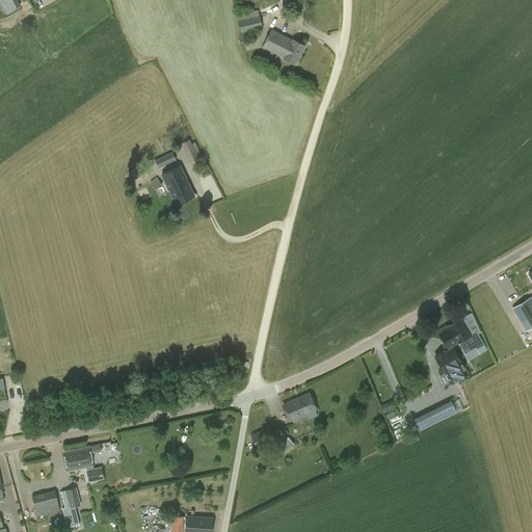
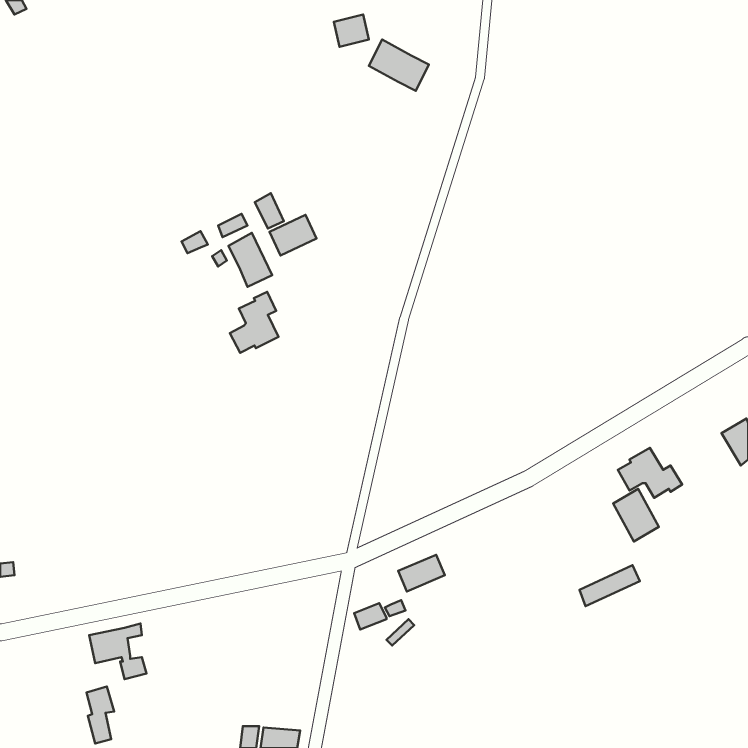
building: none -> [270,215,316,255]
building: none -> [230,292,278,353]
building: [31,490,59,515] -> none

